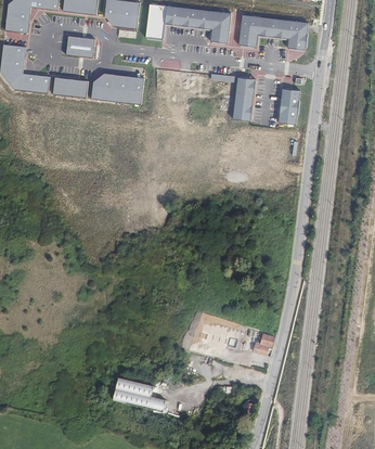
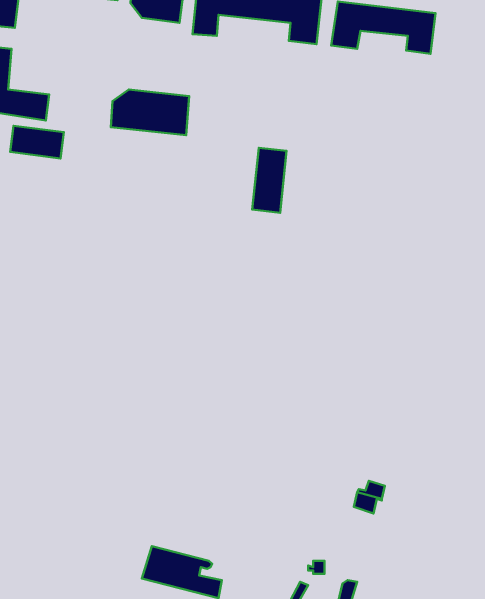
building: [65,36,94,57] -> none
building: [52,76,88,98] -> [10,126,64,158]
building: [232,76,255,119] -> [252,148,287,213]
building: [277,87,300,124] -> none

